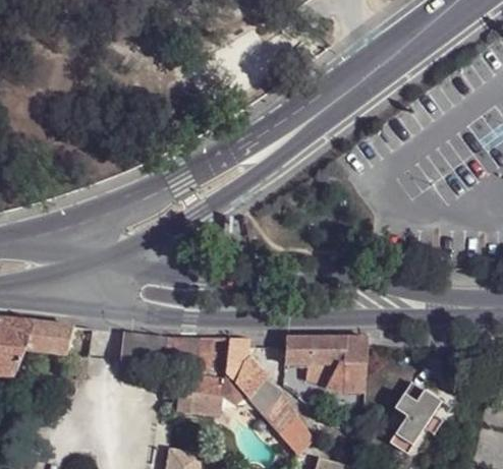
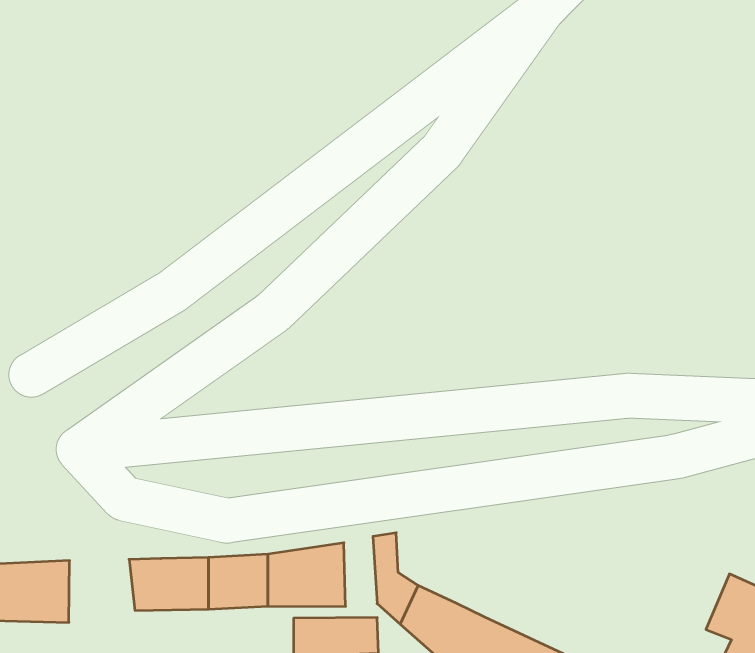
building: [282,337,365,390] -> none

